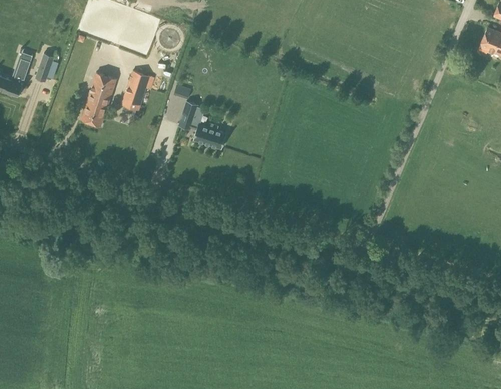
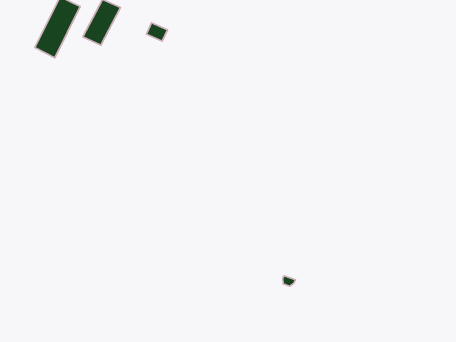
building: [178,101,226,149] -> none

